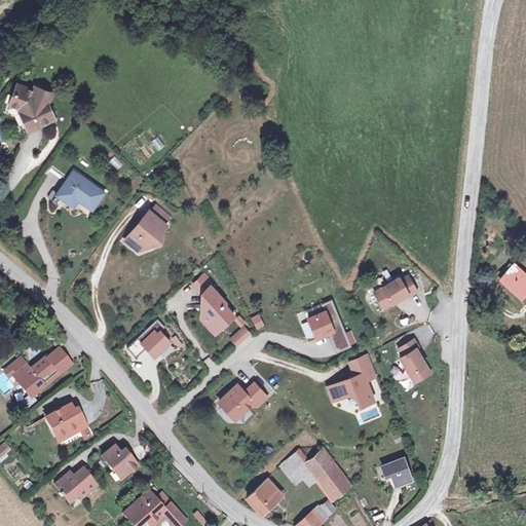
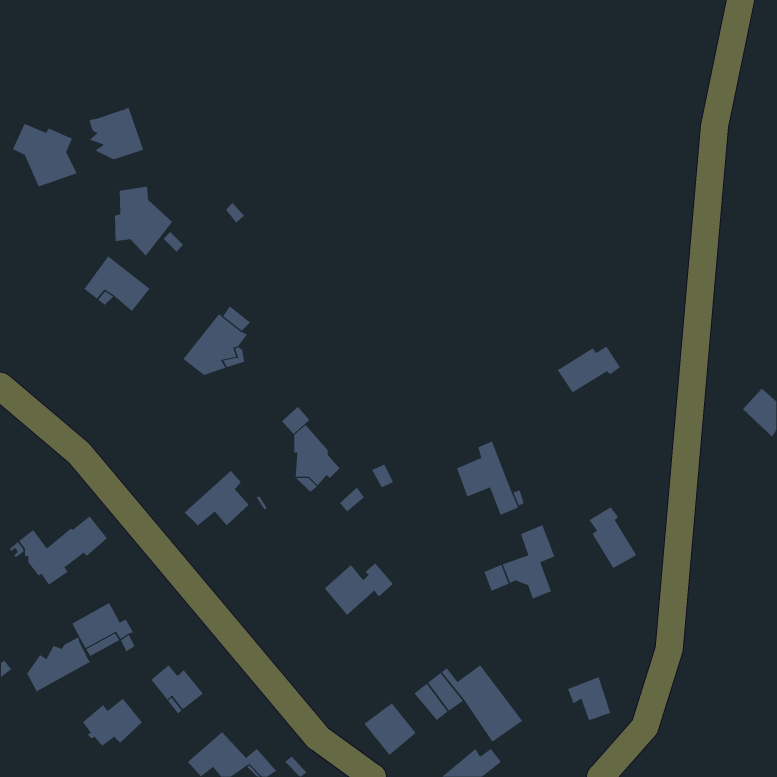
building: none -> [89,107,144,160]
building: none -> [114,186,173,256]
building: [373,279,416,311] -> [557,346,621,393]
building: none -> [26,637,91,692]

